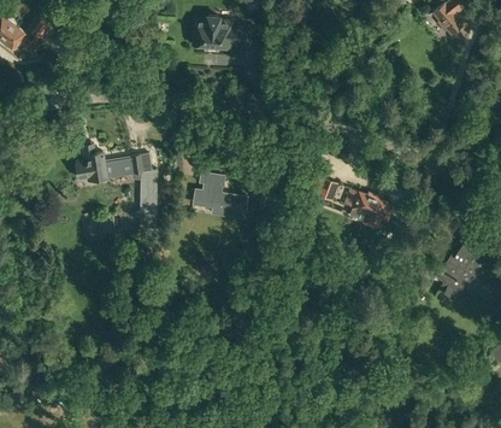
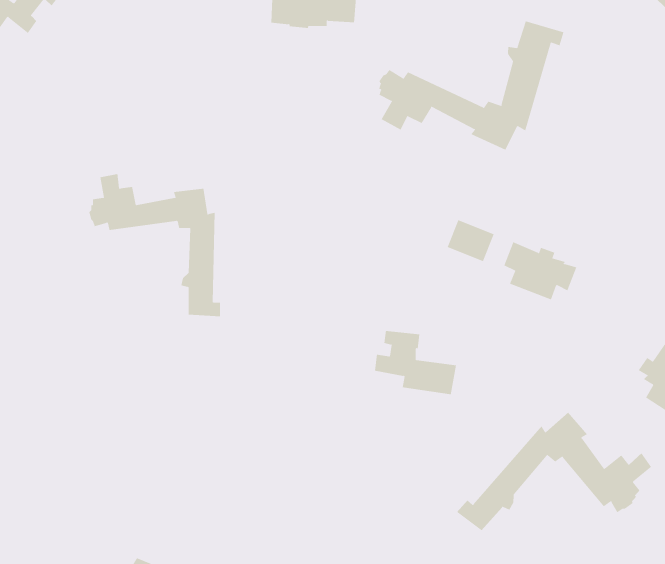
building: none -> [379,21,564,150]
building: [194,175,248,217] -> [374,330,457,395]
building: none -> [456,412,652,531]

